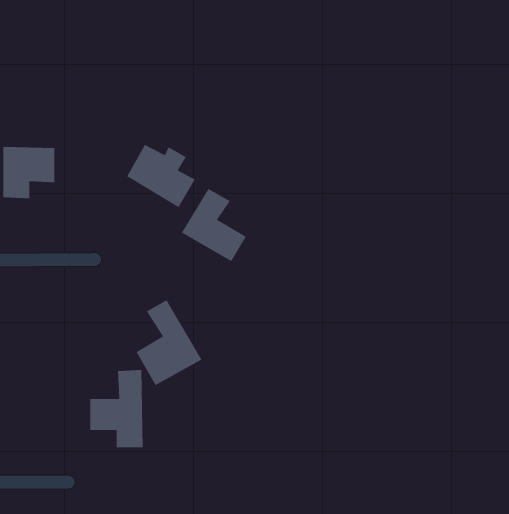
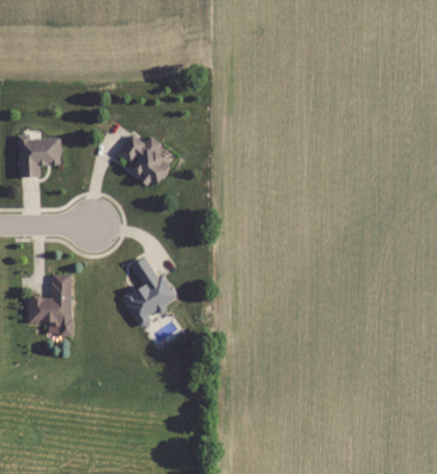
building: [181,188,247,262] -> none
building: [89,369,143,448] -> [29,274,71,336]

